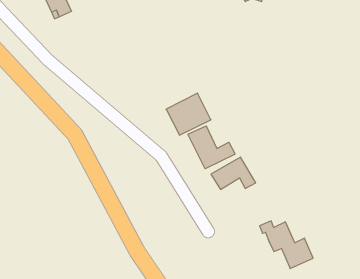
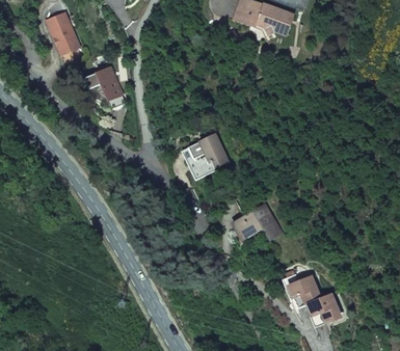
building: none -> [84,65,126,107]
building: [188,126,235,169] -> none

